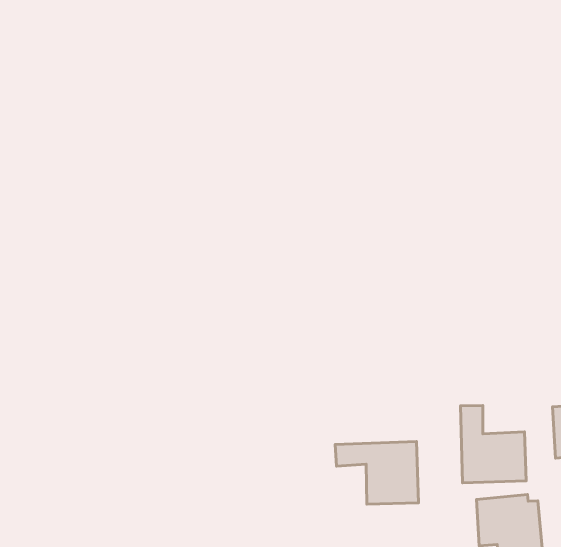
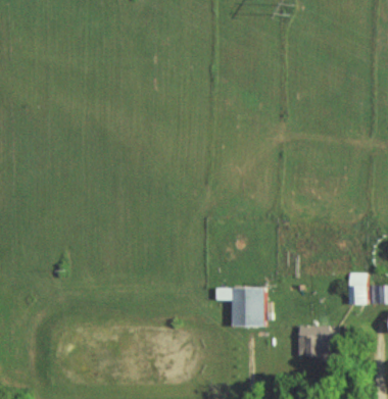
building: [460,406,526,483] -> none

